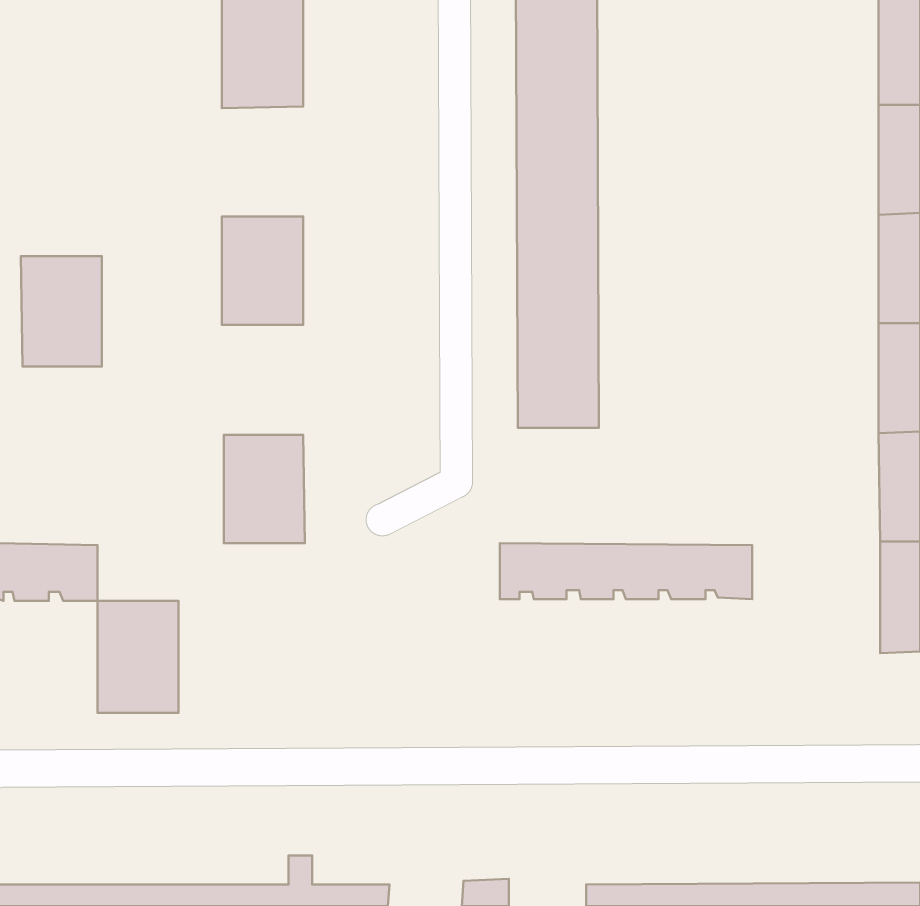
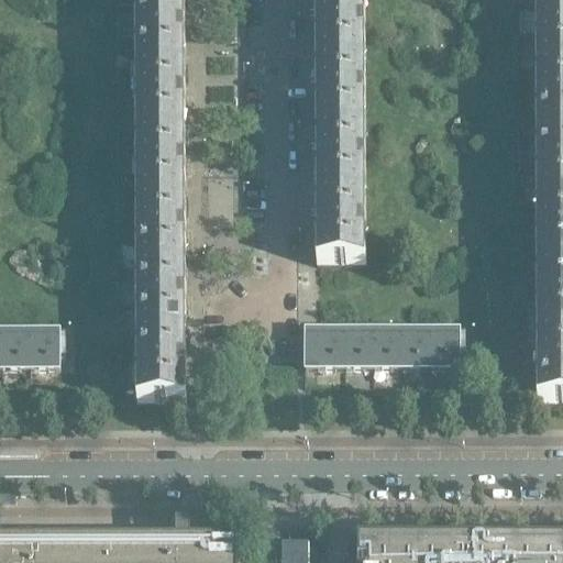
building: none -> [135,65,185,132]
building: [21,256,102,366] -> [135,198,185,265]
building: [97,601,179,713] -> [136,331,186,399]

